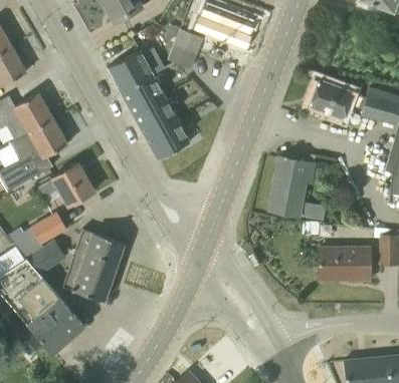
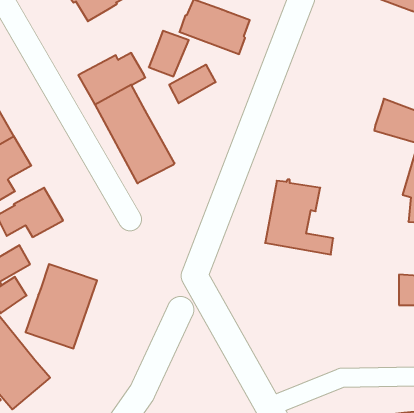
building: none -> [169,65,216,103]
building: [309,79,366,118] -> none
building: [319,249,370,279] -> none

